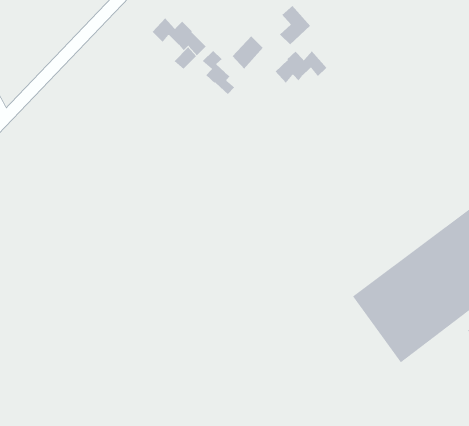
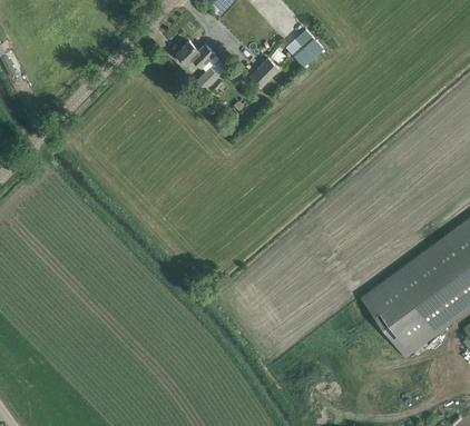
building: [202,50,235,95] -> none
building: [275,51,327,83] -> none

